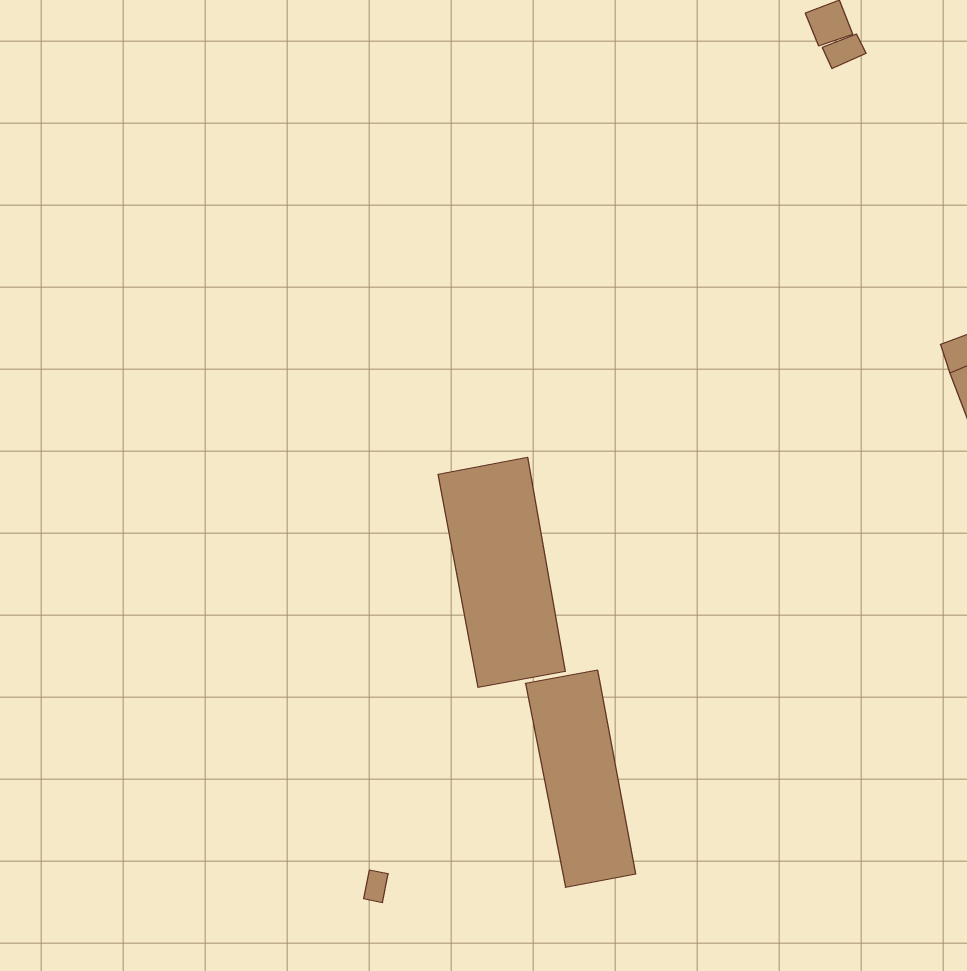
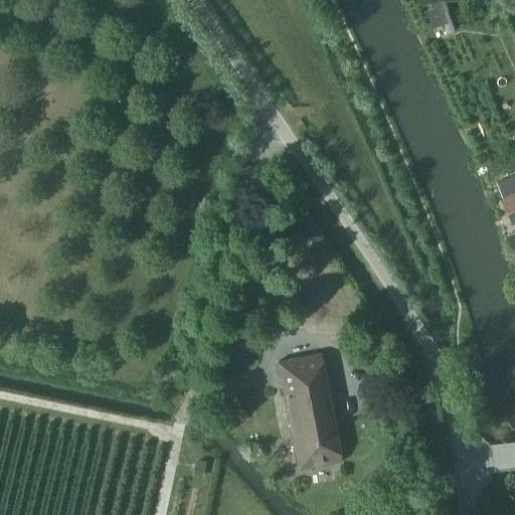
building: [438,457,565,687] -> none

